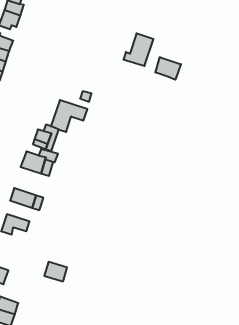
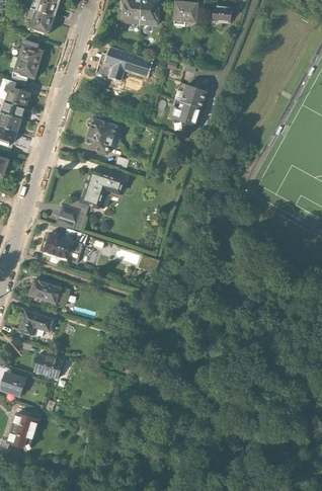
building: none -> [105,49,149,79]
building: [155,57,181,80] -> none
building: none -> [83,116,120,154]
building: [44,262,67,281] -> [33,352,62,377]

